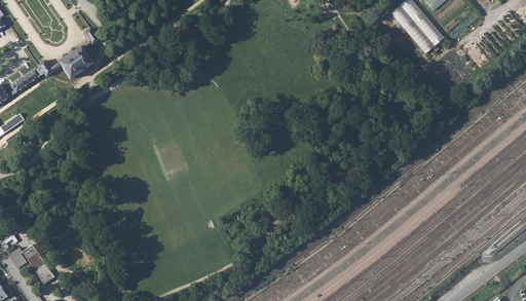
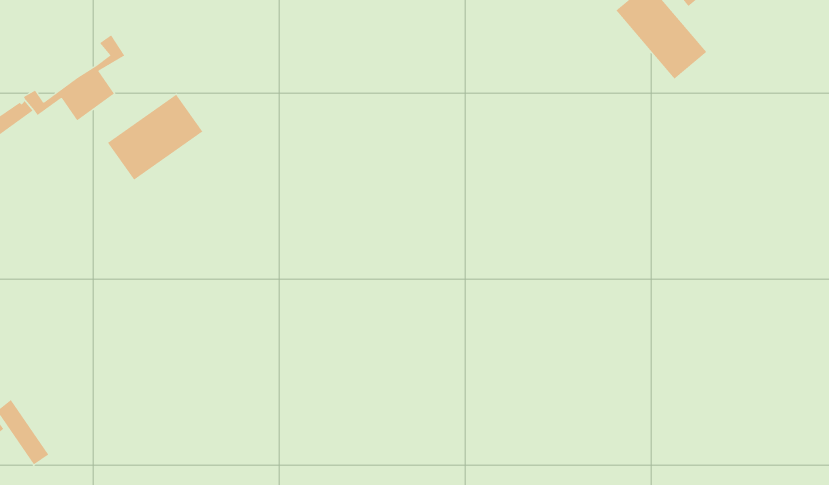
building: none -> [107,94,203,181]

